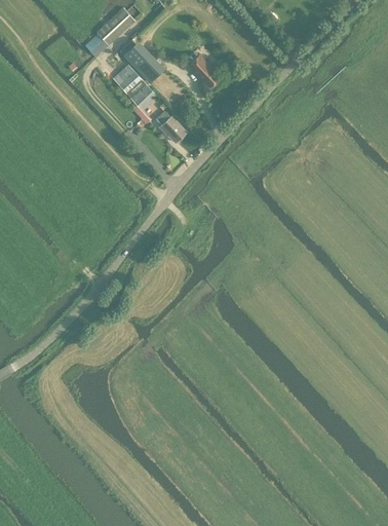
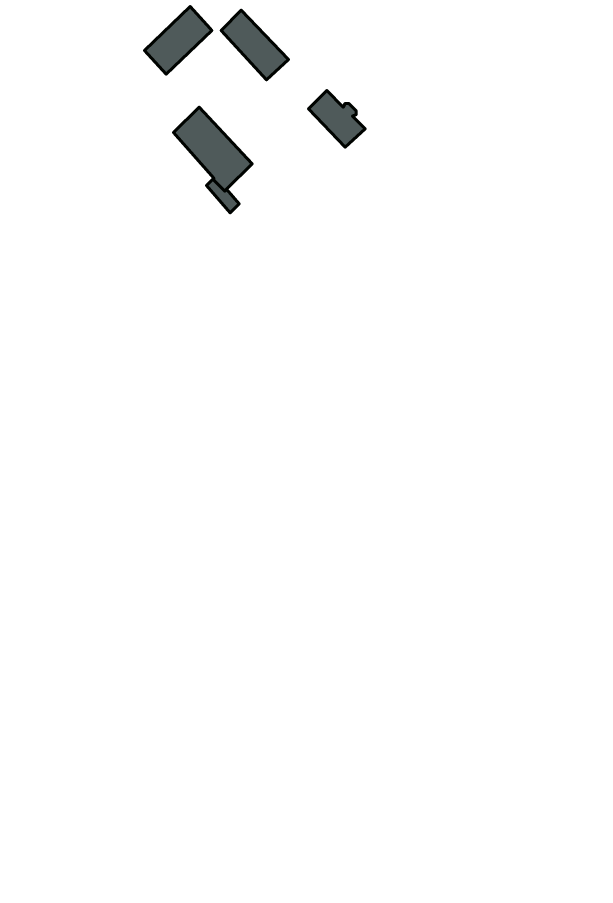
building: [123,42,161,81] -> [221,10,289,80]
building: [156,109,186,141] -> none

